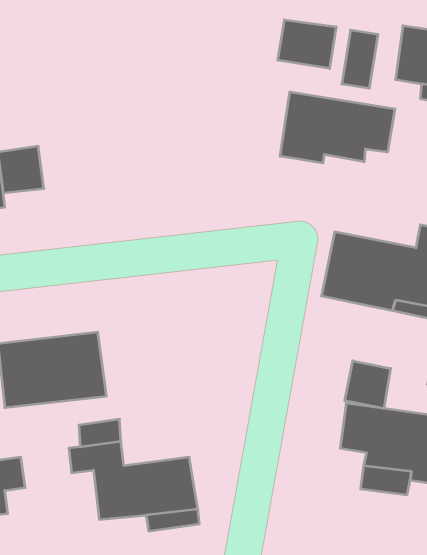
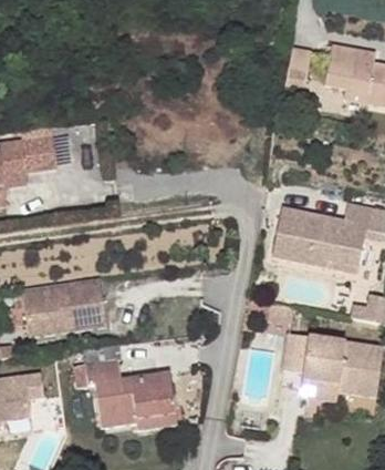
building: [278,20,336,69] -> none
building: [280,92,395,163] -> none
building: [345,361,391,409] -> none

